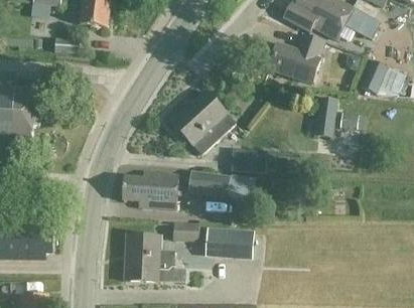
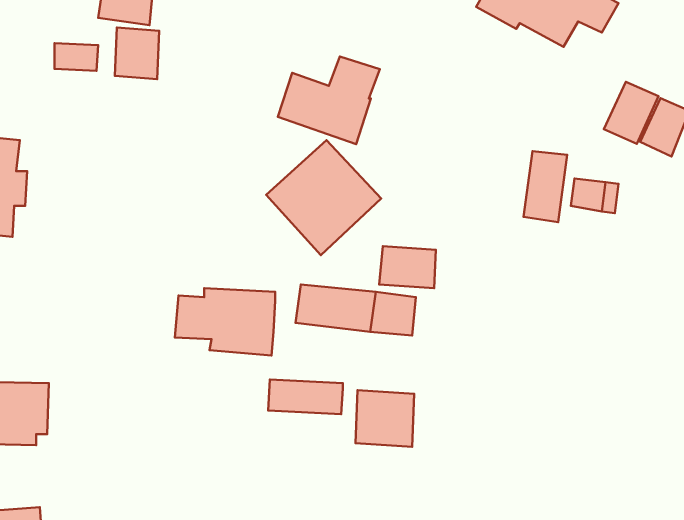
building: none -> [115,28,159,79]
building: [268,34,324,83] -> [278,56,380,144]
building: [124,234,175,282] -> none

